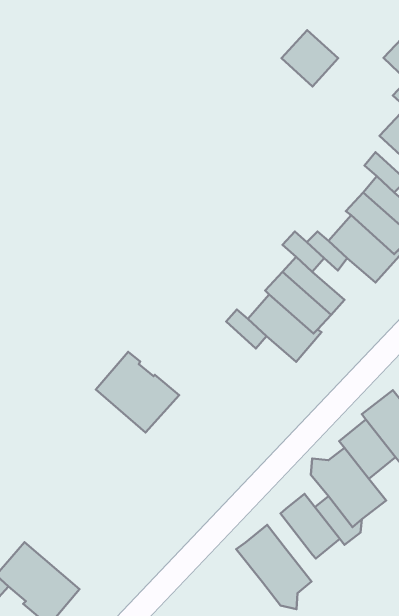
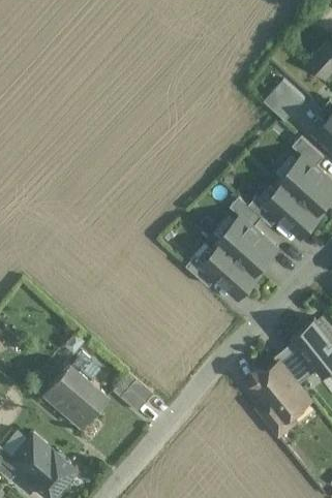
building: [282,30,338,87] -> [263,75,306,119]
building: [96,352,179,433] -> [43,364,108,426]
building: [280,494,340,558] -> none
building: [236,525,312,609] -> none

